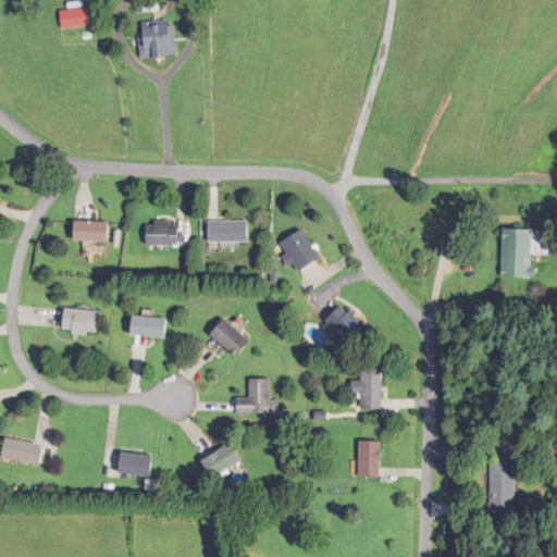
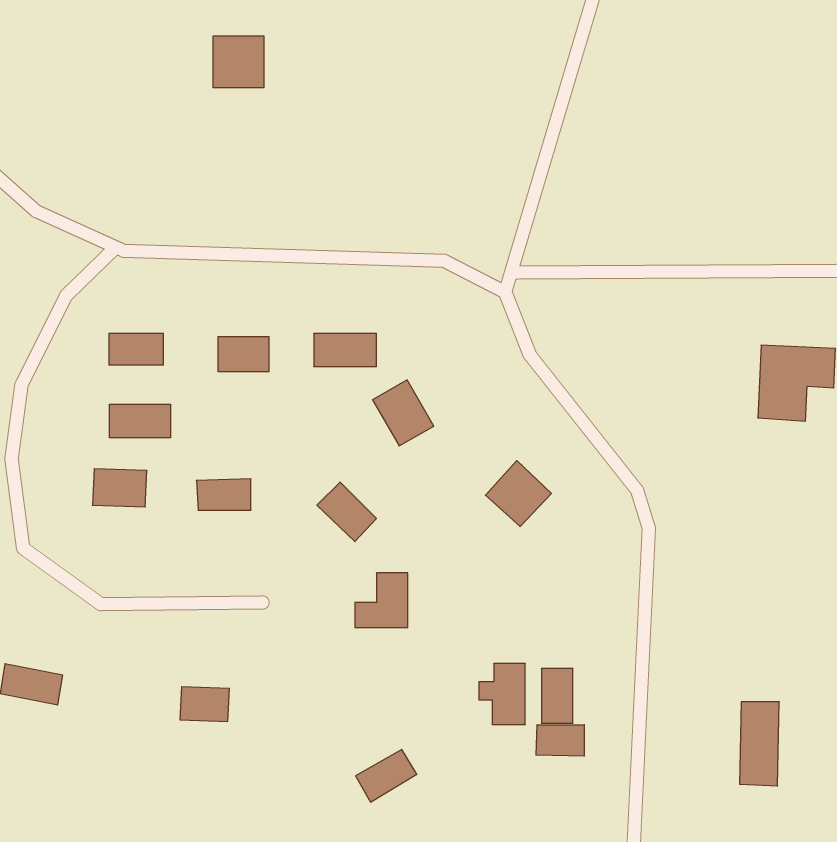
building: [60,10,88,30] -> none
building: [280,228,320,272] -> [373,380,434,446]
building: none -> [110,404,170,438]
building: [349,369,380,409] -> [479,664,525,725]
building: [200,443,240,478] -> [356,749,417,802]
building: none -> [536,725,584,756]

